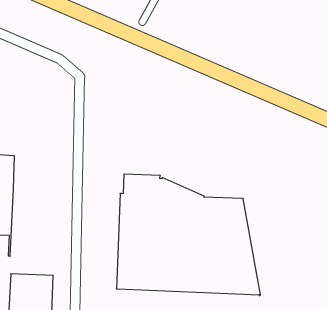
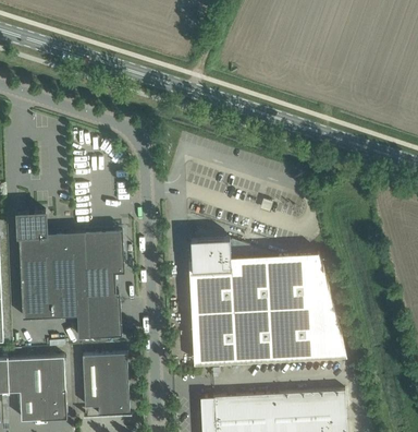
building: none -> [74,232,124,339]

